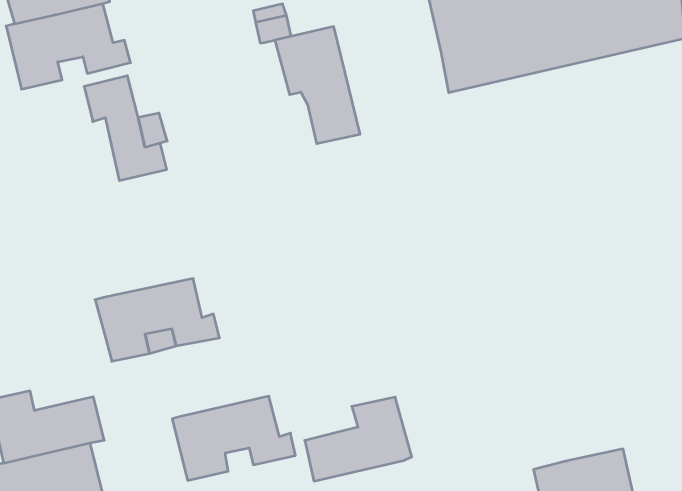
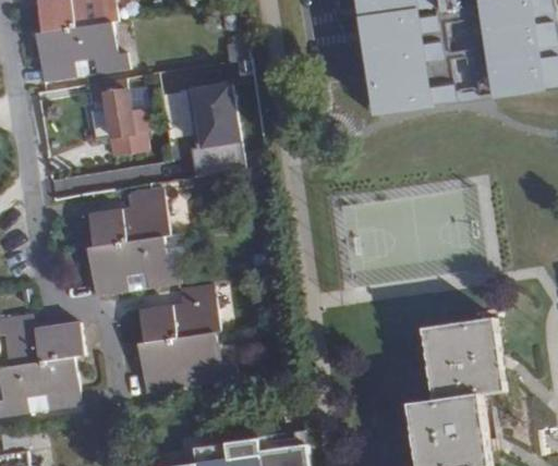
building: [275,27,360,144] -> [186,85,245,173]
building: none -> [86,187,166,246]
building: none -> [424,321,504,401]
building: [305,397,412,481] -> [137,283,218,342]

